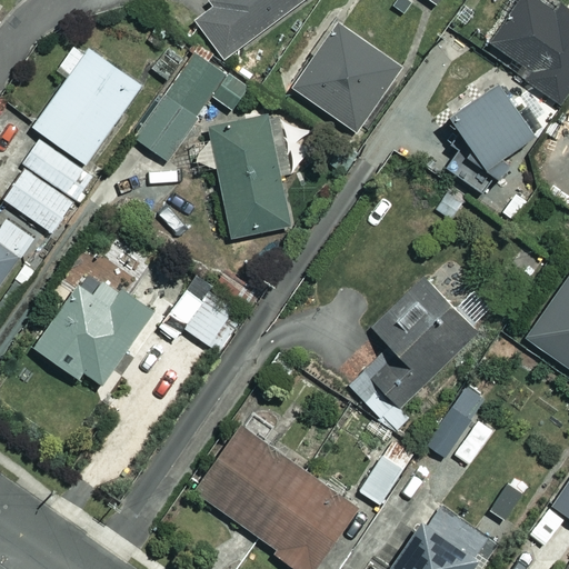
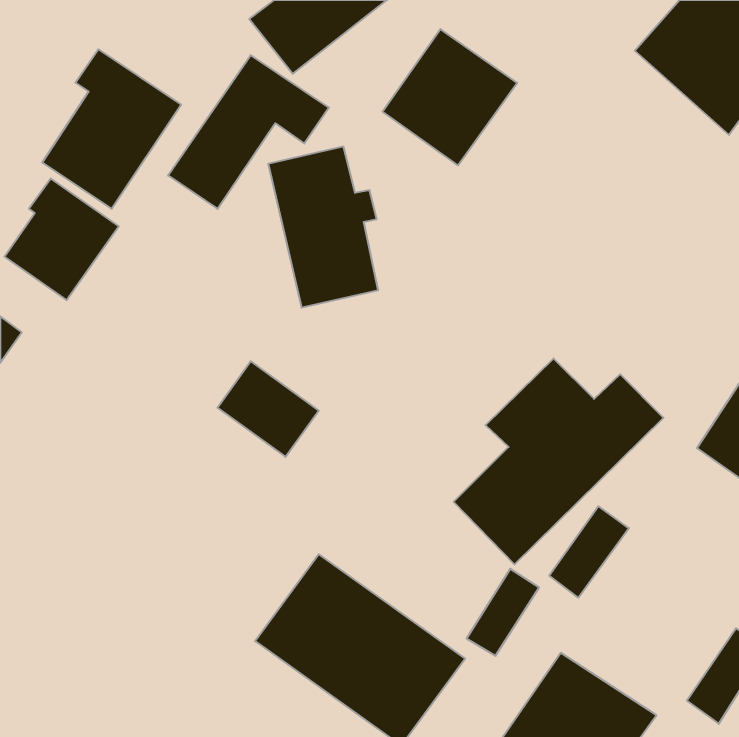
building: [448,80,533,194] -> none
building: [33,268,150,390] -> none

